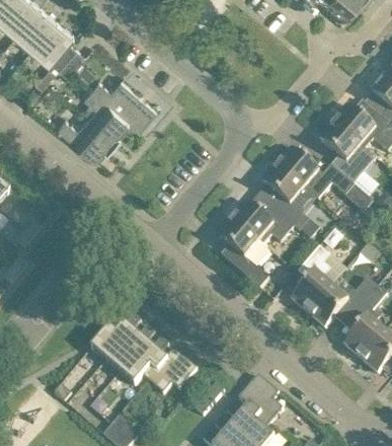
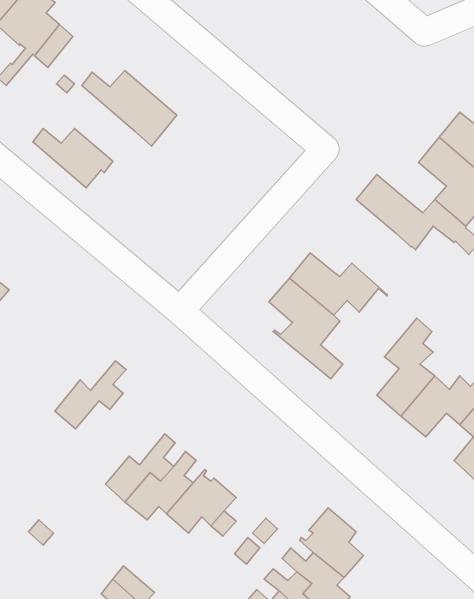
building: [81,86,126,138] -> none
building: [261,164,314,229] -> none
building: [91,312,140,359] -> [55,361,126,429]

